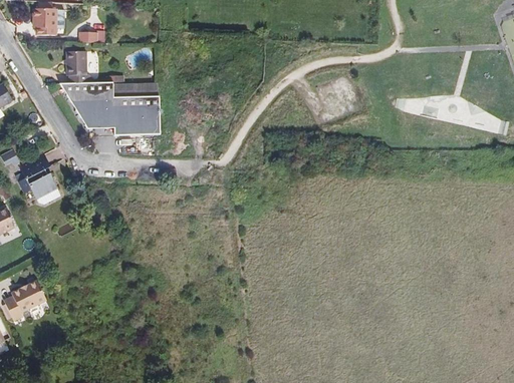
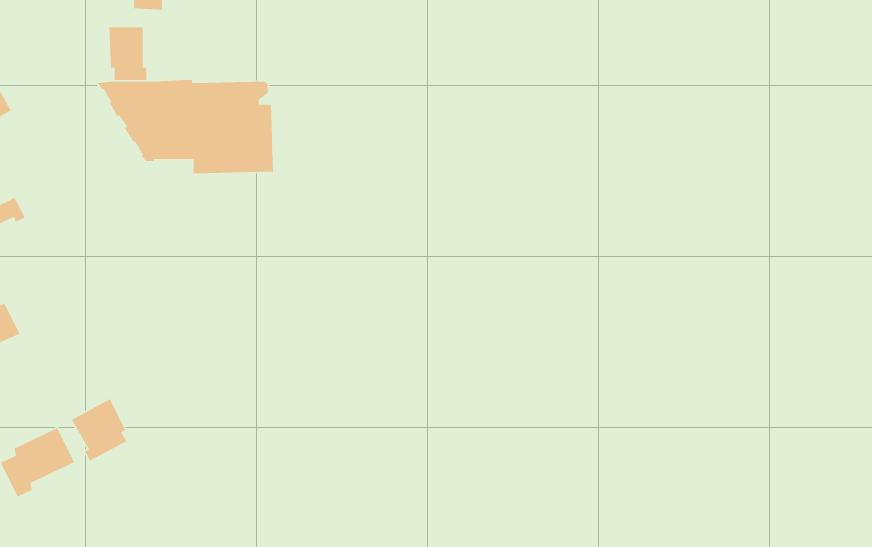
building: [26,167,57,199] -> none
building: none -> [71,398,127,461]

